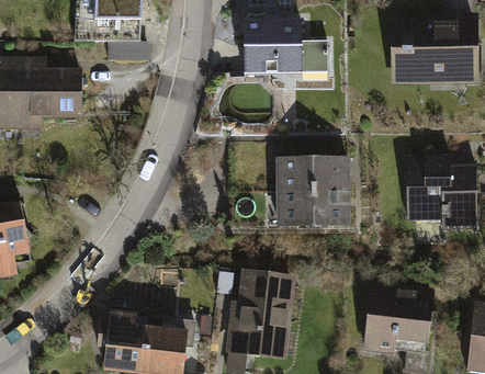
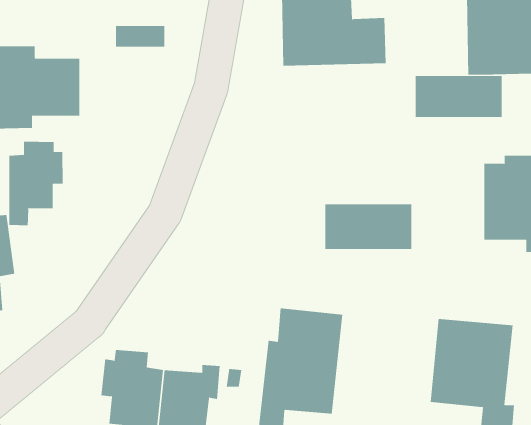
building: none -> [9,141,63,226]
building: [279,154,350,188] -> [415,76,502,117]

